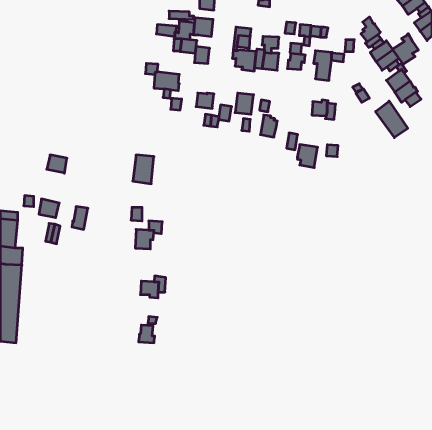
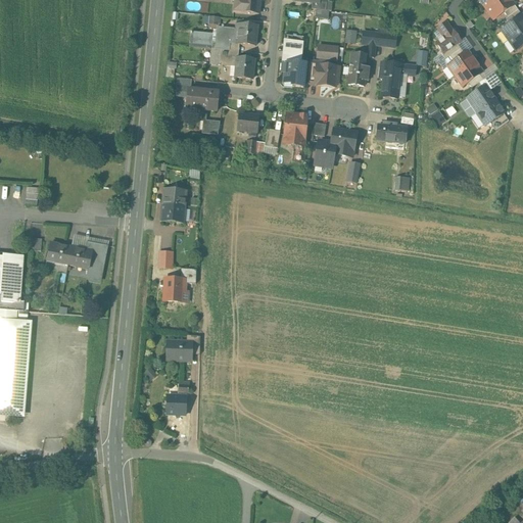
building: [393,34,418,64] -> none
building: [376,101,408,138] -> none
building: [297,145,318,168] -> [331,128,355,155]
building: [47,155,67,173] -> [67,245,92,268]

